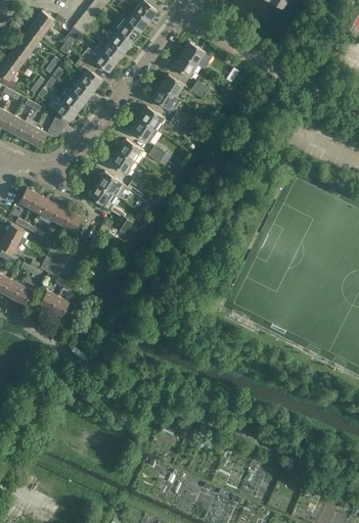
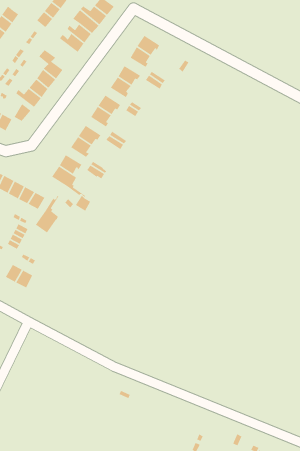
building: [81,47,117,73] -> none
building: none -> [35,195,60,234]

